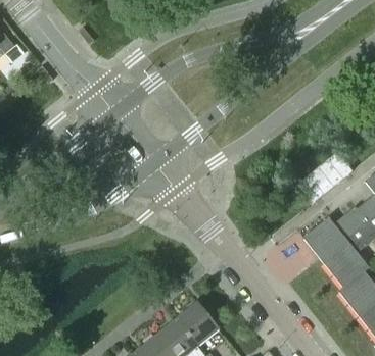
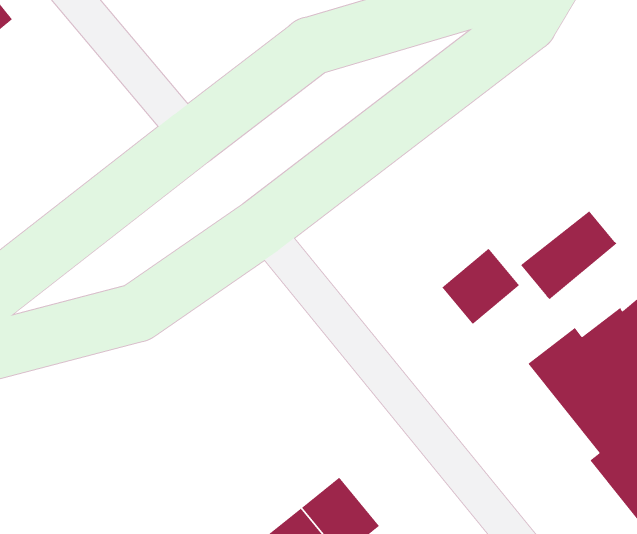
building: none -> [442,248,520,325]

